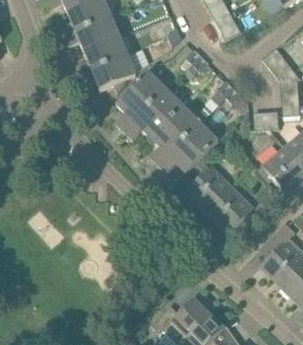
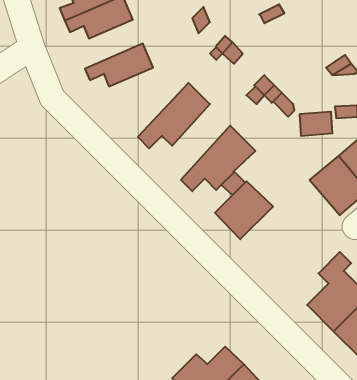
building: [76,36,127,75] -> none
building: [115,71,164,130] -> none
building: [149,104,197,164] -> none
building: [205,186,253,233] -> none

